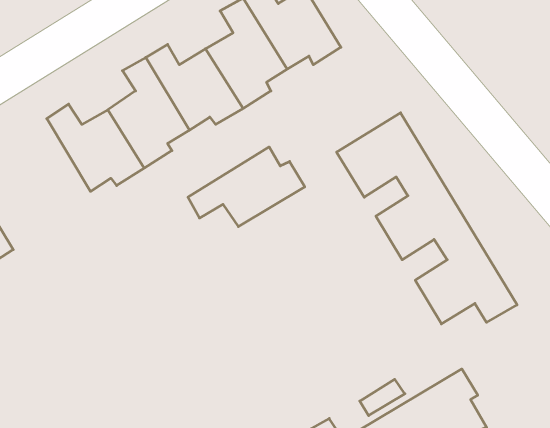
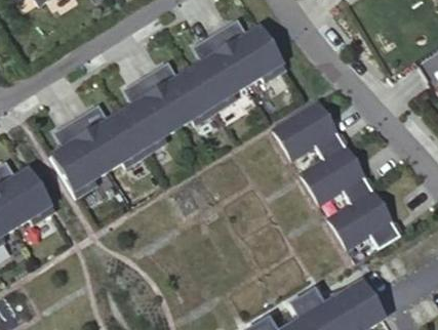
building: none -> [44,109,101,187]
building: [188,147,305,227] -> none

